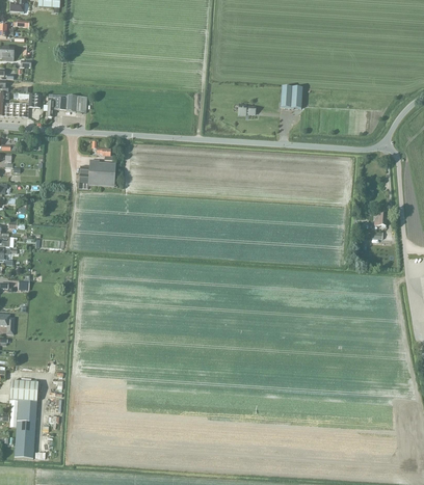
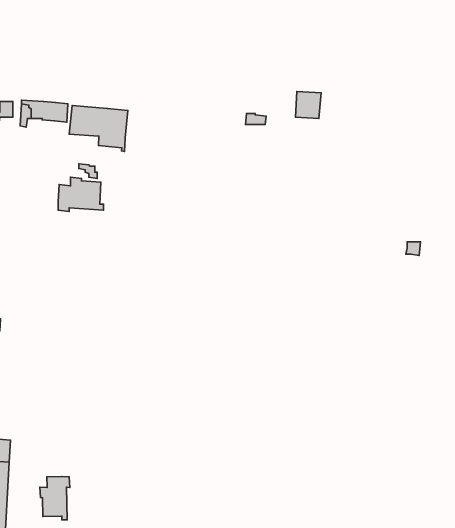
building: none -> [69,105,128,151]
building: none -> [40,477,70,520]

